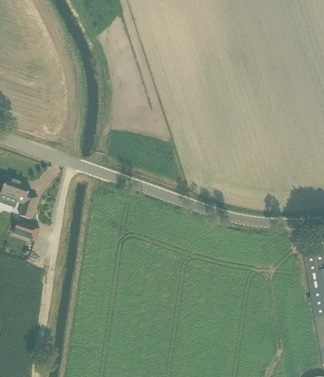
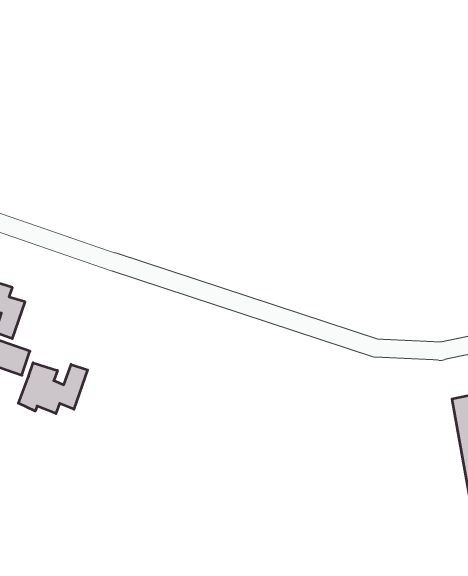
building: none -> [18,363,88,414]

